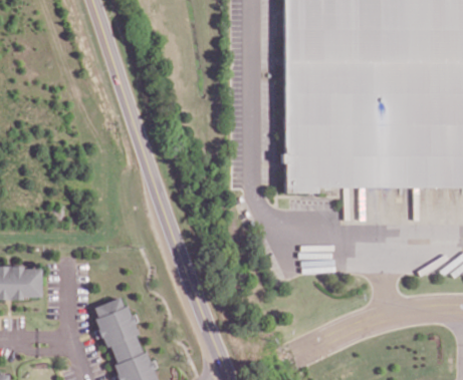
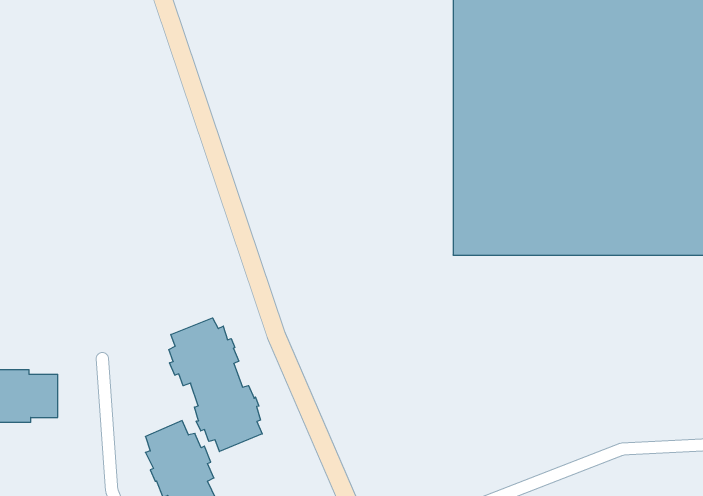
building: none -> [169,318,262,452]

